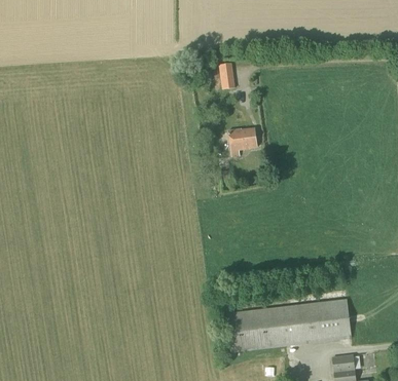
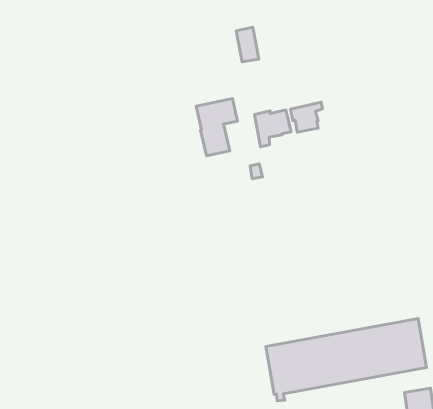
building: none -> [196,98,238,156]
building: none -> [291,102,323,132]

